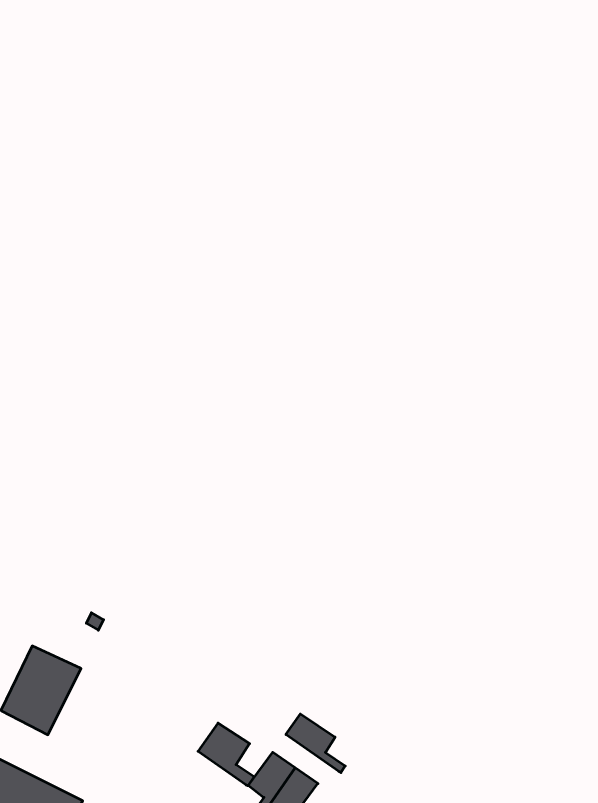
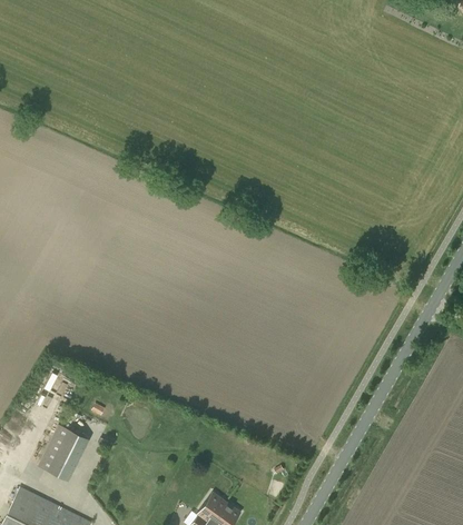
building: [286,714,345,773] -> none
building: [198,723,254,786] -> none

